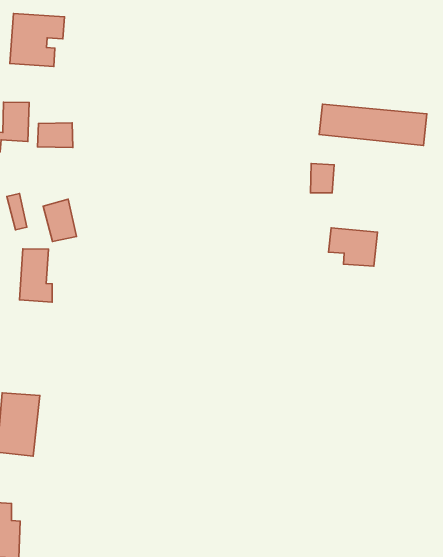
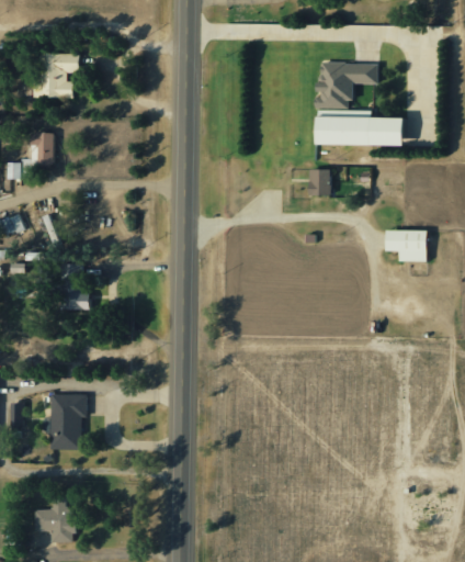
building: none -> [317,63,379,108]
building: [38,123,73,148] -> none
building: [43,199,76,241] -> none
building: [328,228,377,266] -> [382,228,424,260]

